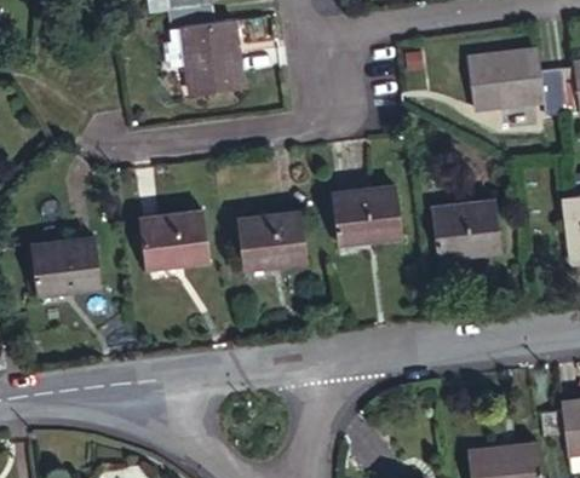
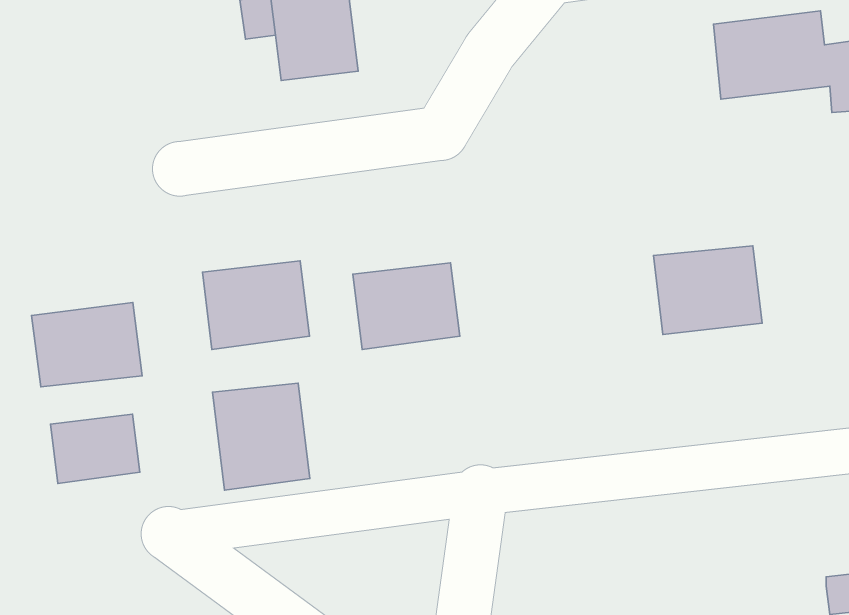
building: [332,188,403,244] -> none
building: none -> [212,383,310,490]
building: none -> [50,414,140,483]

